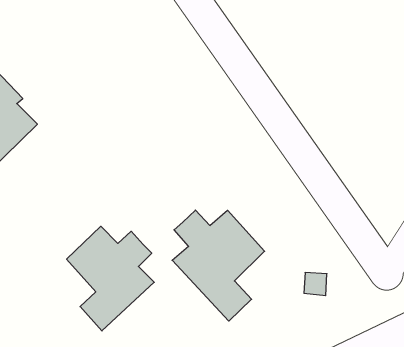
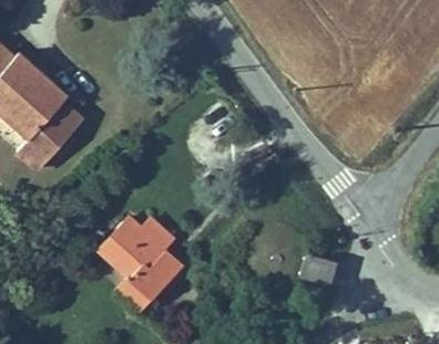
building: [172,210,265,321] -> none

